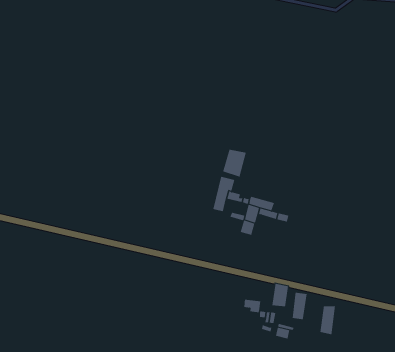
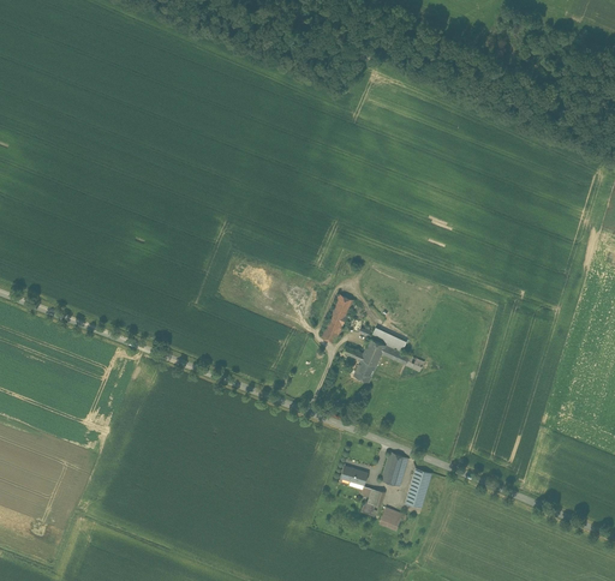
building: [223,149,246,177] -> none
building: [320,305,335,335] -> none

